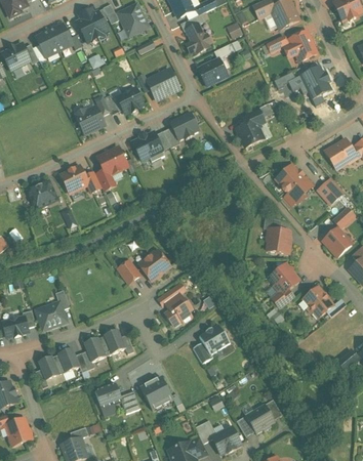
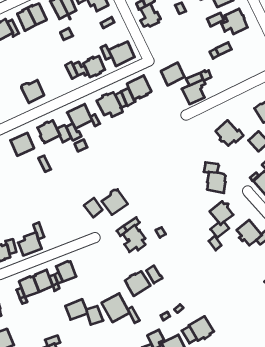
building: [198,57,227,85] -> [161,63,185,85]
building: [298,65,331,98] -> none
building: [76,106,104,133] -> [21,80,44,103]
building: [199,324,230,353] -> [125,271,150,296]
building: [100,328,125,354] -> none

